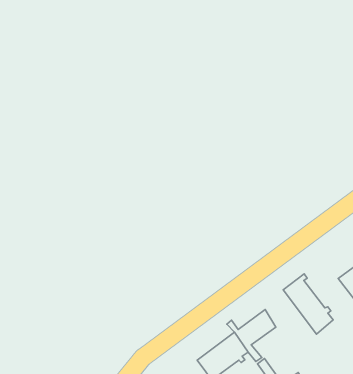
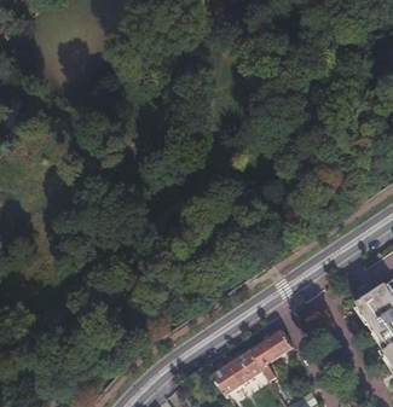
building: [283,274,333,334] -> none

